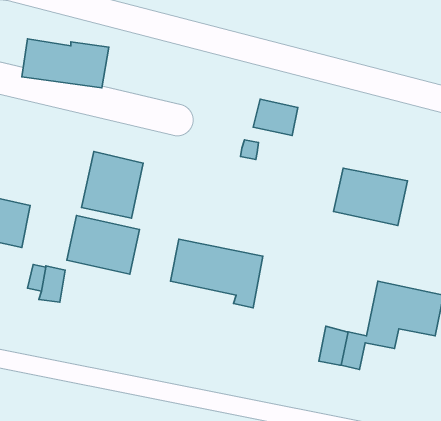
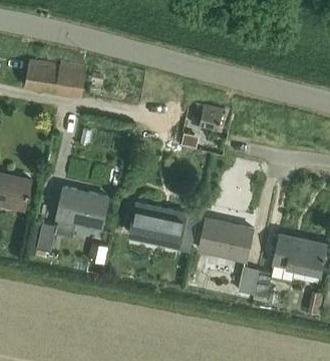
building: [81,152,143,218] -> none
building: [333,168,408,226] -> [198,220,251,261]

